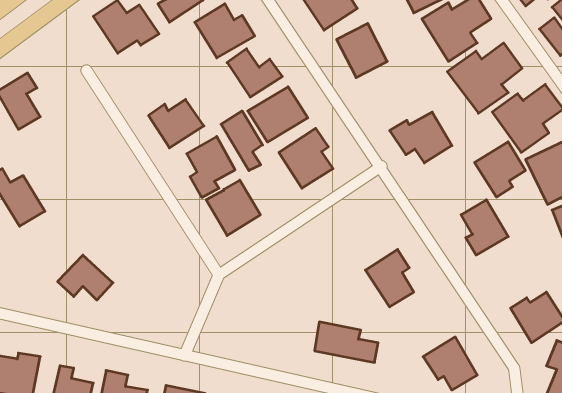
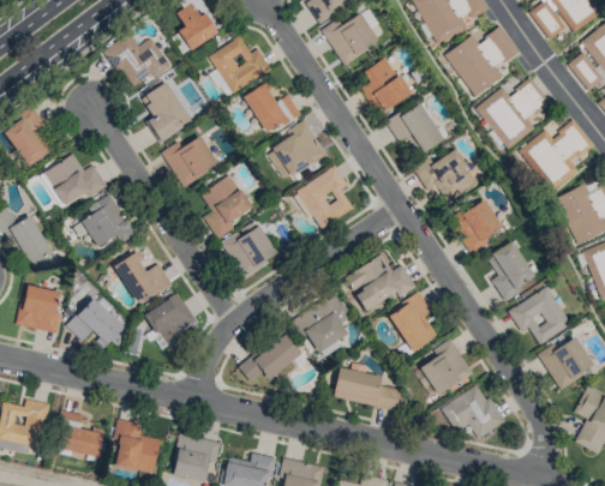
building: none -> [148,82,193,142]
building: none -> [388,101,444,155]
building: [221,111,263,171] -> none
building: none -> [46,154,108,205]
building: [475,142,525,197] -> [450,197,503,254]
building: none -> [83,193,134,246]
building: none -> [115,250,172,302]
building: none -> [345,253,417,311]
building: none -> [17,284,62,332]
building: none -> [509,286,571,343]
building: none -> [146,292,197,350]
building: none -> [298,293,353,352]
building: none -> [239,334,302,382]
building: none -> [420,337,474,395]

